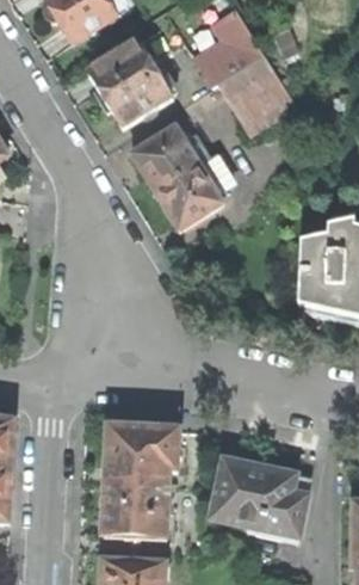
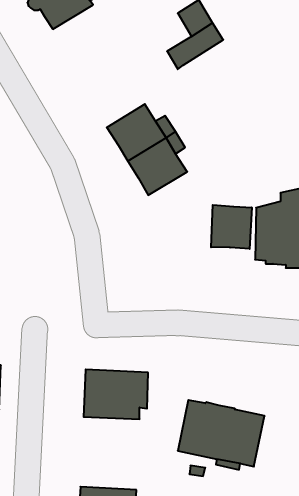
building: [87,41,171,125] -> none
building: [217,53,295,133] -> none
building: none -> [211,205,252,249]
building: [103,479,168,538] -> none

